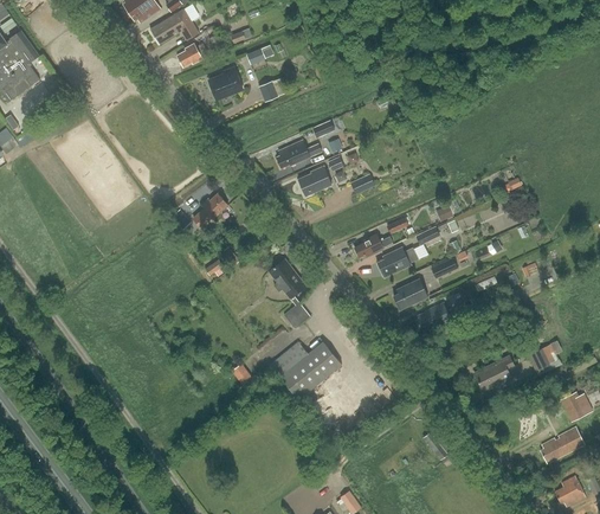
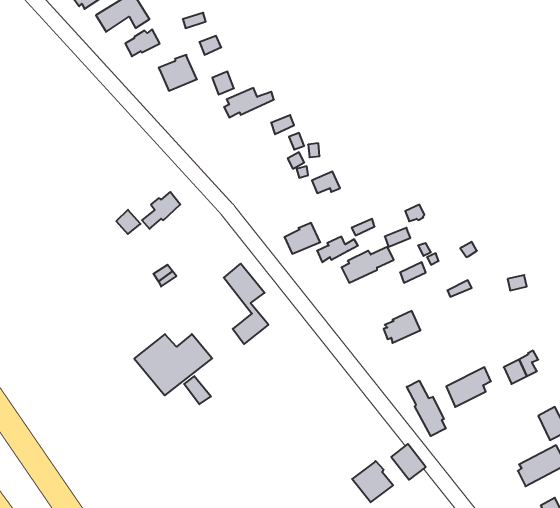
building: [276,140,322,167] -> [224,88,274,117]
building: [298,166,331,194] -> [284,223,320,254]
building: [393,277,427,308] -> none
building: [270,341,342,398] -> [134,334,212,395]
building: none -> [407,381,446,436]
building: none -> [352,461,393,502]

